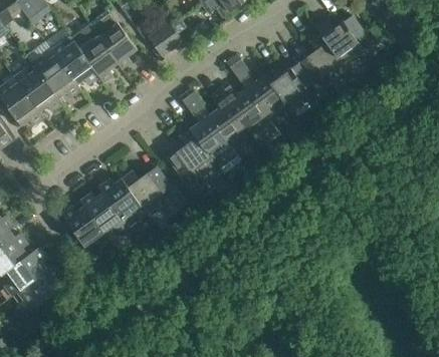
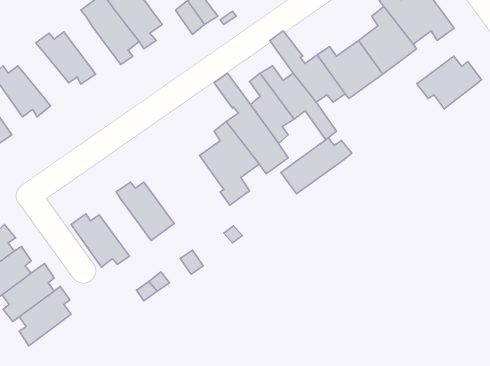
building: [49,41,97,83] -> none
building: [12,68,62,110] -> none
building: none -> [417,56,481,109]
building: none -> [281,138,352,194]
building: [121,165,184,215] -> none
building: [79,192,127,240] -> none

